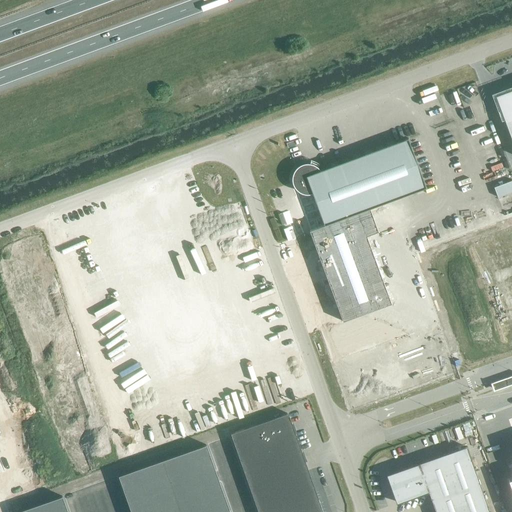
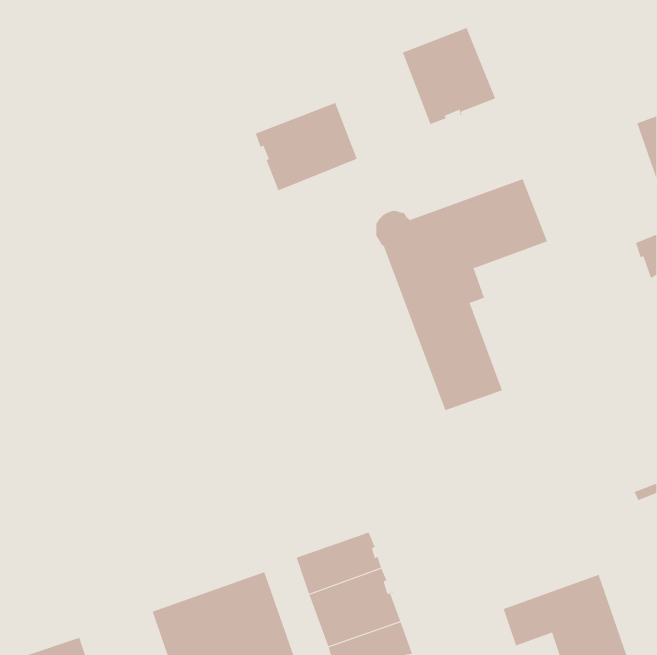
building: none -> [402,27,496,125]
building: none -> [255,102,358,191]

